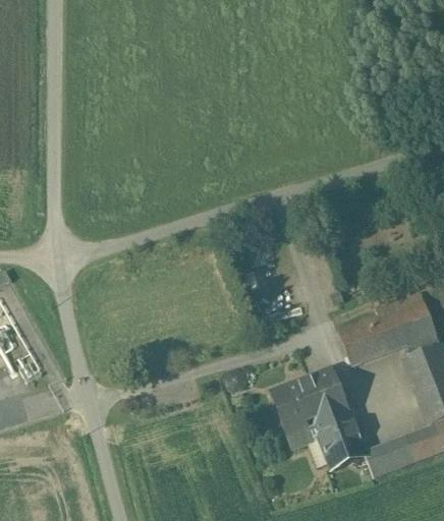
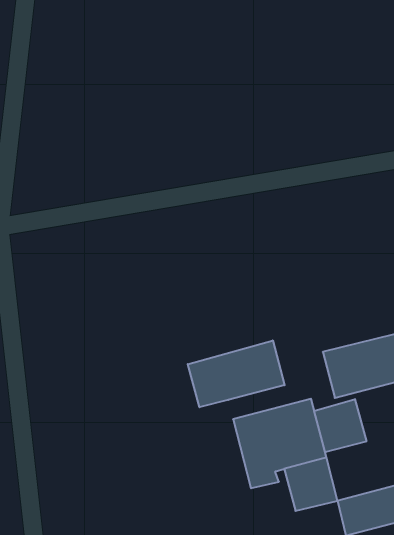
building: none -> [188,340,285,407]
building: none -> [314,399,366,452]

